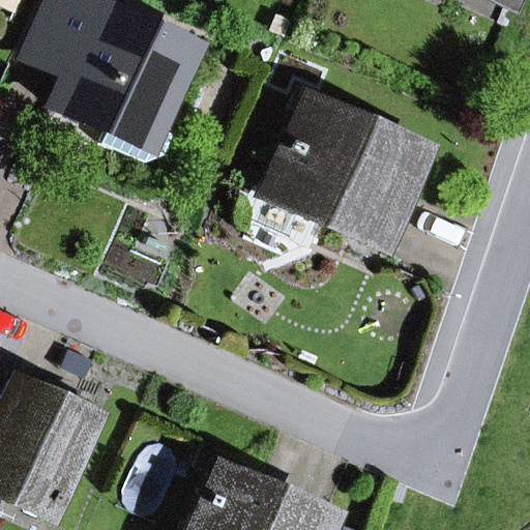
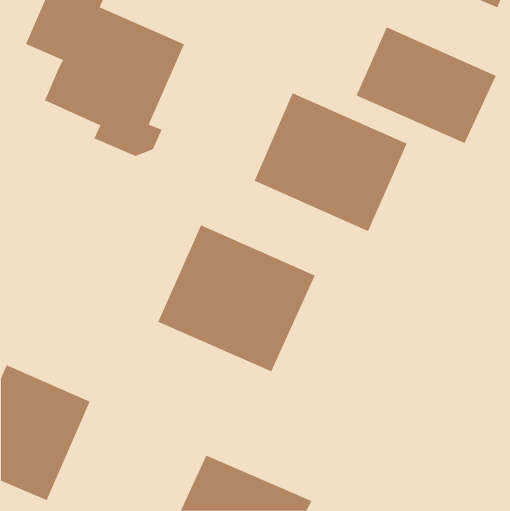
building: none -> [356,27,496,144]
building: none -> [158,224,315,372]

